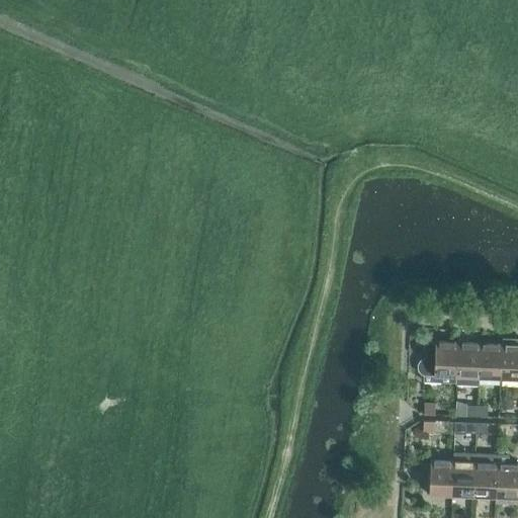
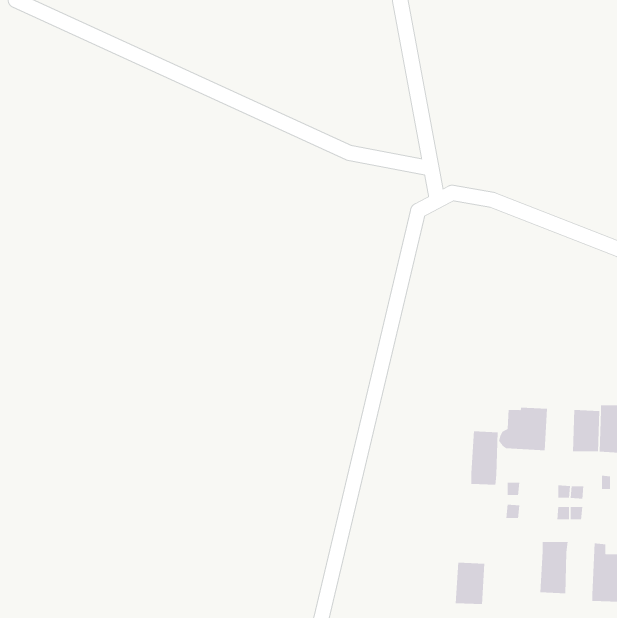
building: [457,342,481,387] -> [471,431,498,485]
building: [474,453,498,498] -> none
building: [429,460,454,496] -> [455,562,485,605]

